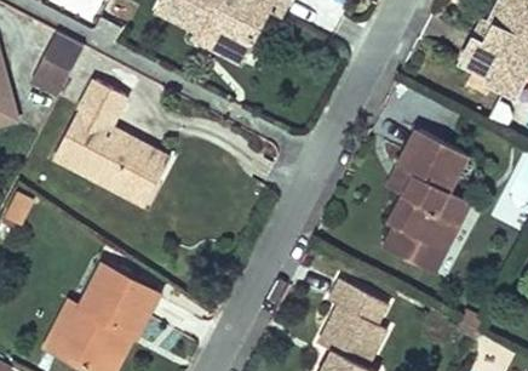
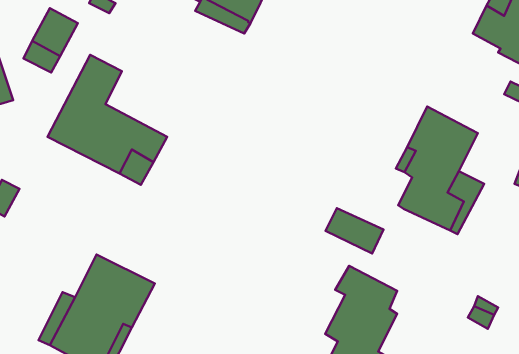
building: [383,226,438,269] -> [325,208,383,254]

